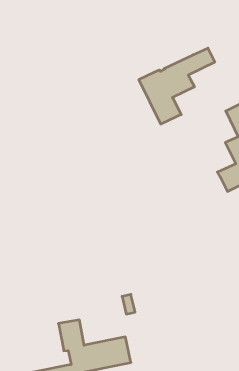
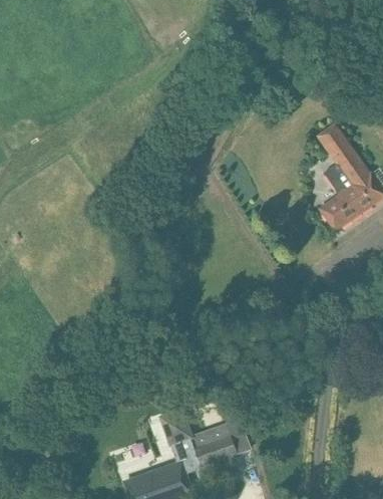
building: [139,48,215,124] -> none

